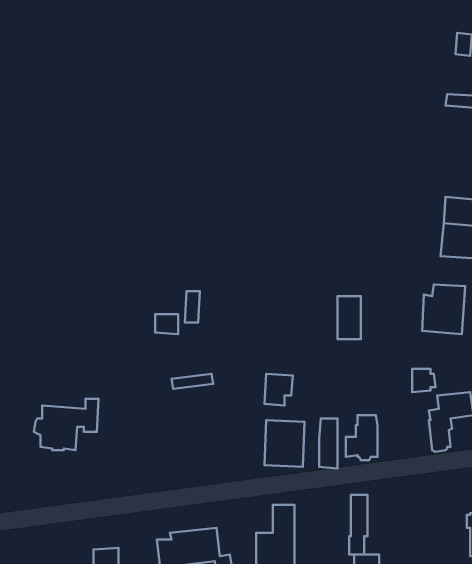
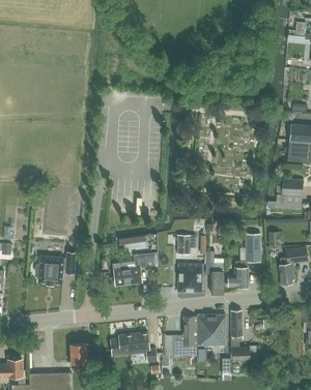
building: [337,296,361,339] -> [246,234,260,261]
building: none -> [113,252,156,284]
building: none -> [197,314,225,344]

